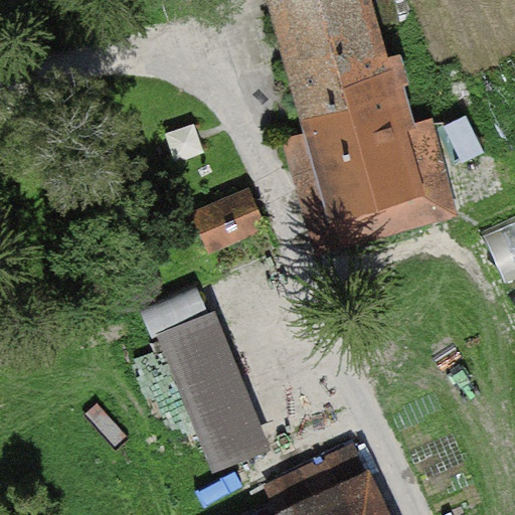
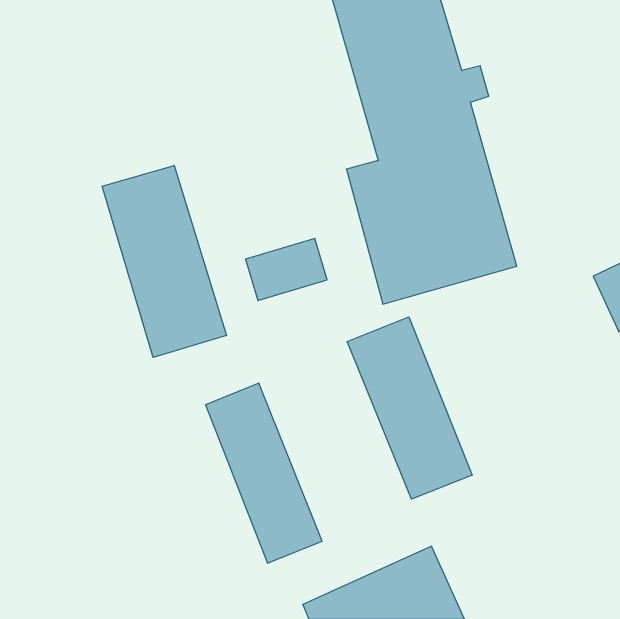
building: none -> [102,165,226,357]
building: none -> [347,317,472,499]

